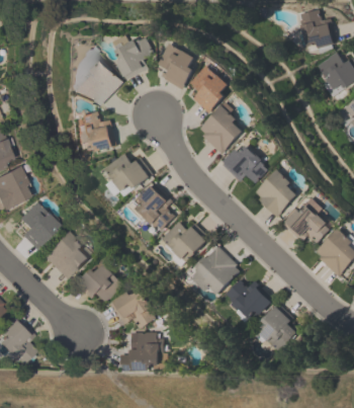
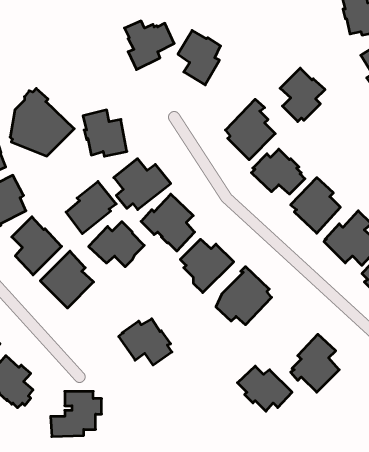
building: [70,47,124,104] -> [10,88,74,156]
building: [191,65,230,110] -> [280,68,325,122]
building: none -> [66,181,116,234]
building: [75,263,122,302] -> [89,222,144,267]
building: [226,278,272,317] -> [237,366,292,411]
building: [119,332,163,371] -> [51,391,102,437]

